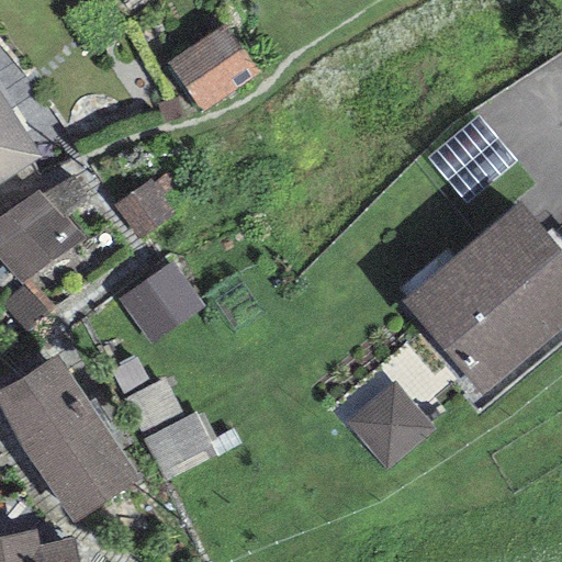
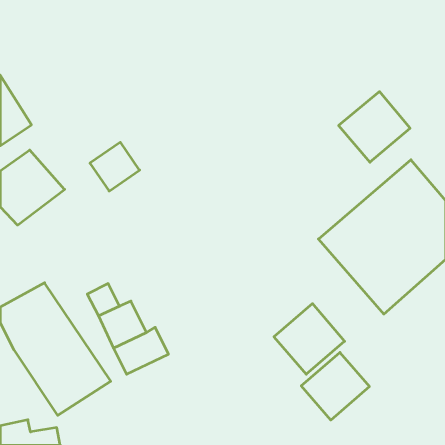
building: [168,22,259,112] -> none
building: [119,261,204,346] -> none
building: none -> [301,352,369,420]

